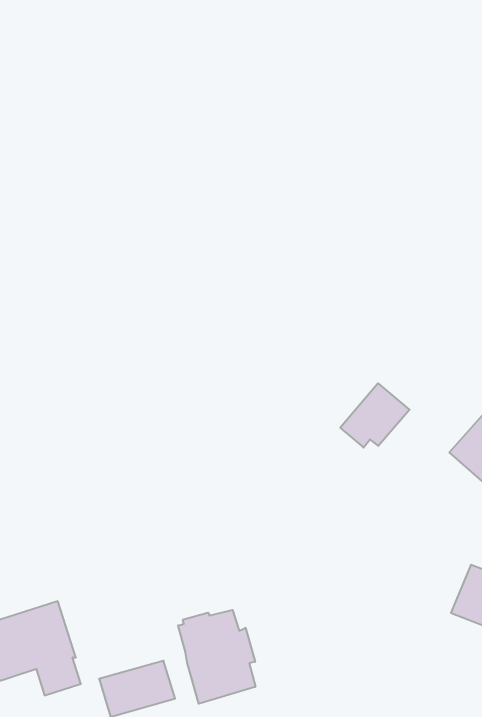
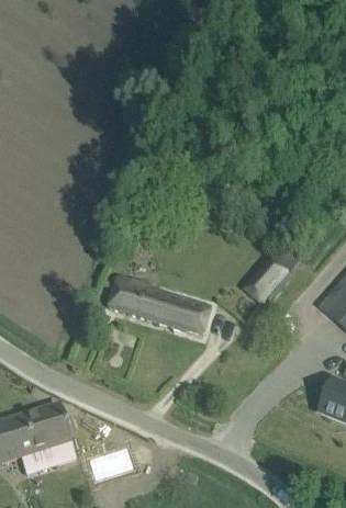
building: none -> [109,274,211,334]
building: [178,610,255,704] -> none

